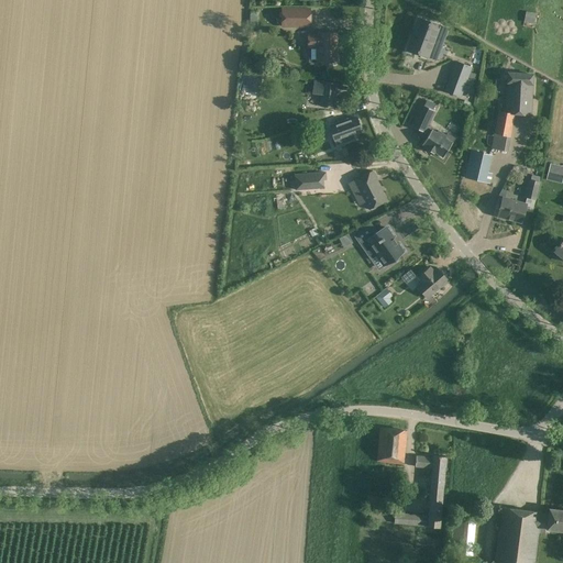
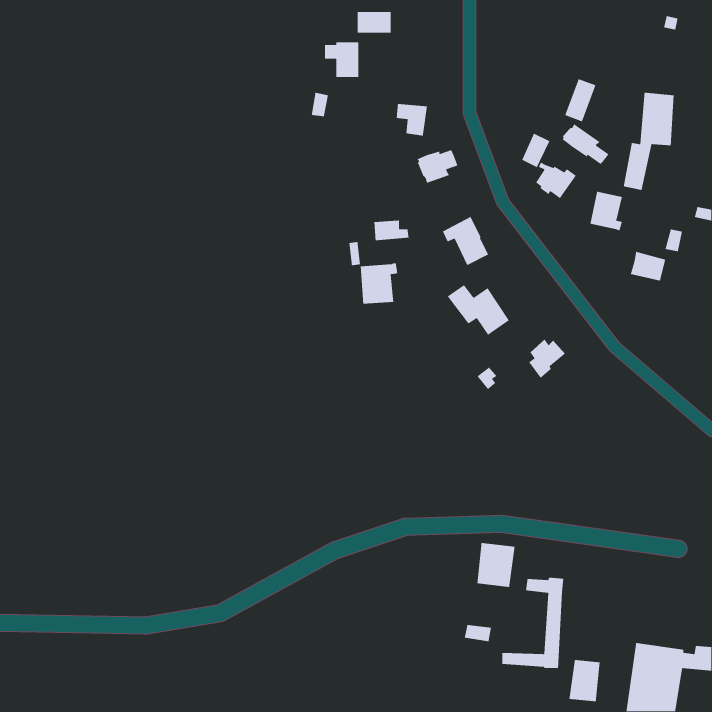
building: [407,18,448,60] -> none
building: [308,33,335,62] -> [324,42,359,78]
building: none -> [561,123,609,165]
building: none -> [360,263,398,305]

